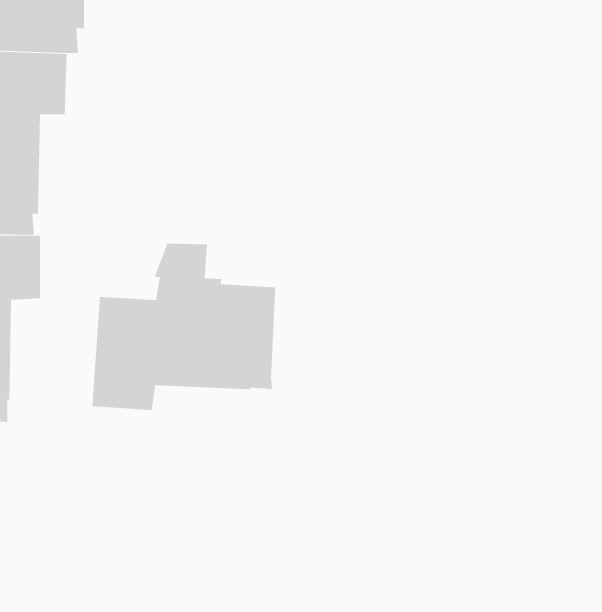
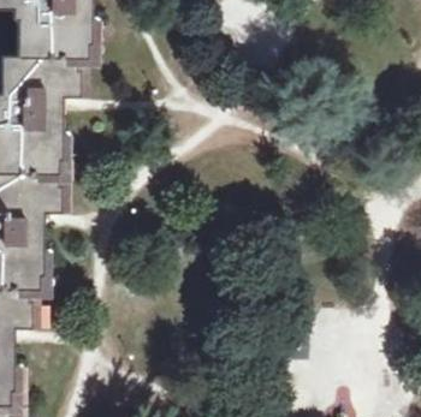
building: [92,243,276,411] -> none

